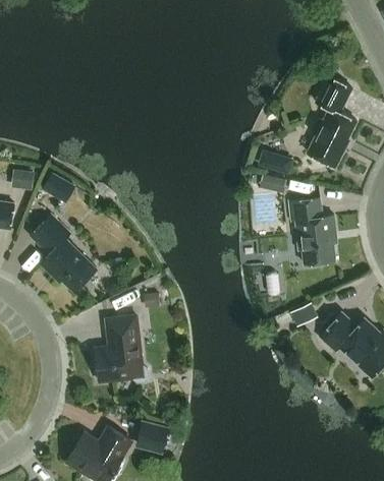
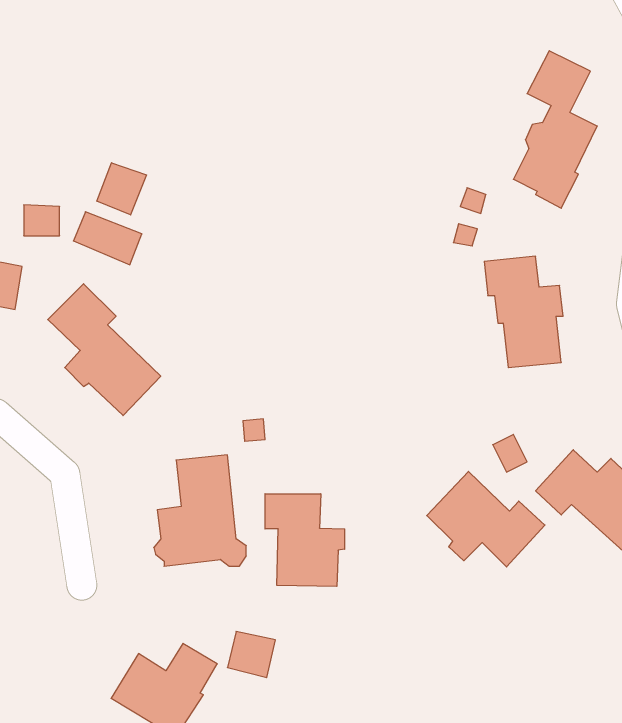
building: none -> [97,163,146,215]
building: none -> [427,471,545,567]
building: none -> [265,494,345,586]

